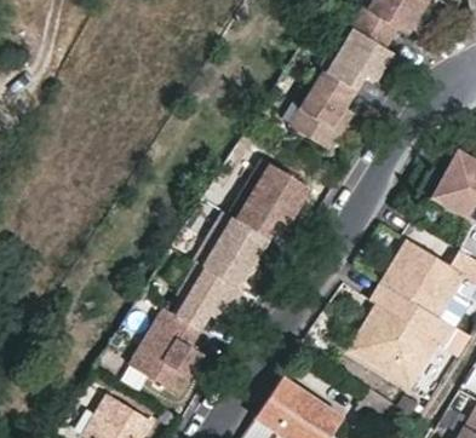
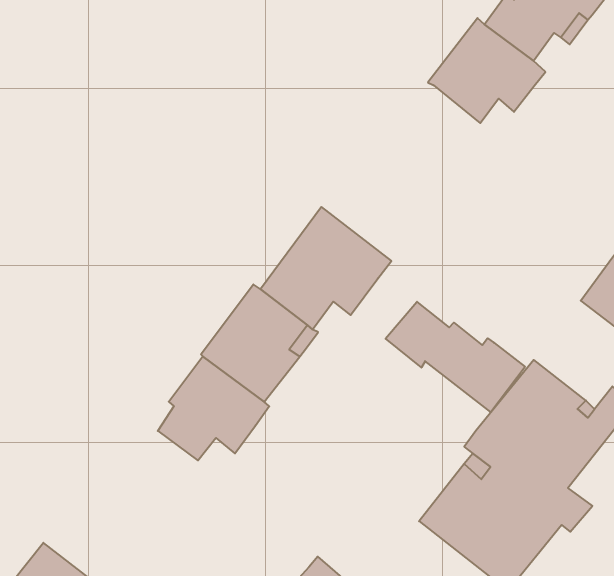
building: [289,71,355,152] -> none
building: none -> [386,302,525,412]
building: [132,307,205,393] -> none

